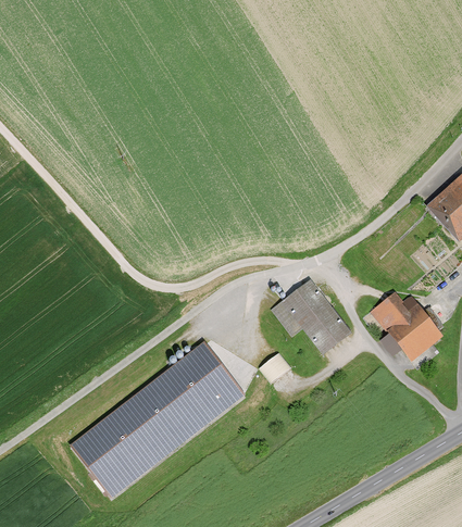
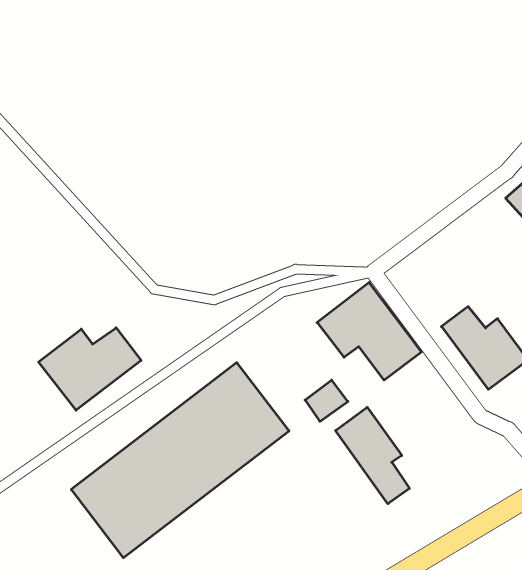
building: none -> [39,328,141,410]
building: none -> [336,407,409,504]

